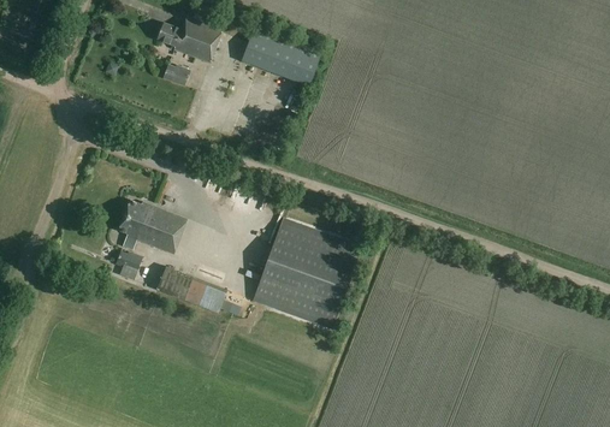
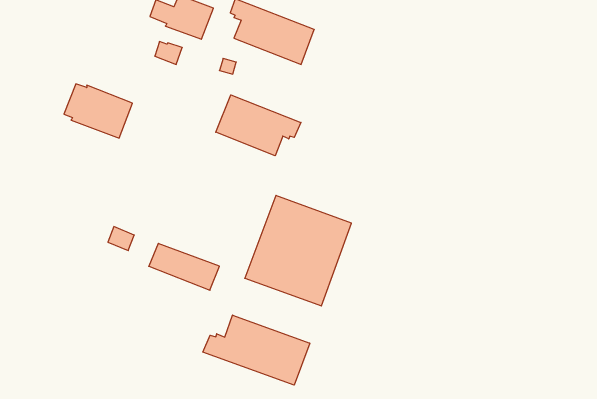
building: none -> [216,95,301,156]
building: [117,200,185,254] -> [64,84,132,138]
building: none -> [203,315,310,385]

